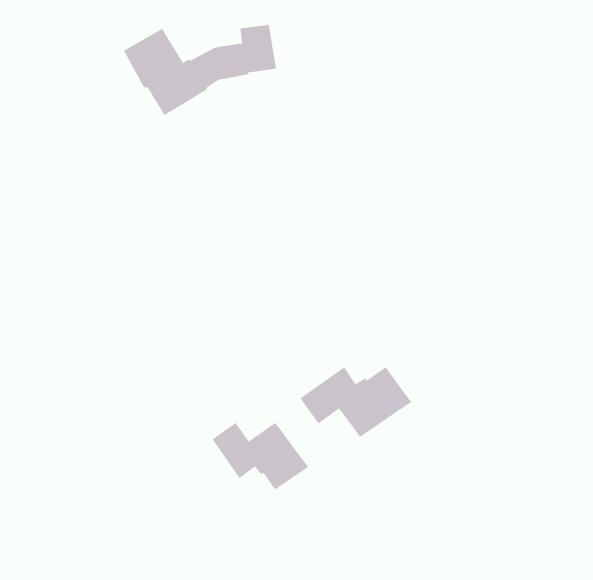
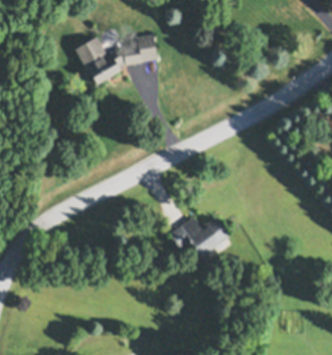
building: [211,422,309,490] -> none

